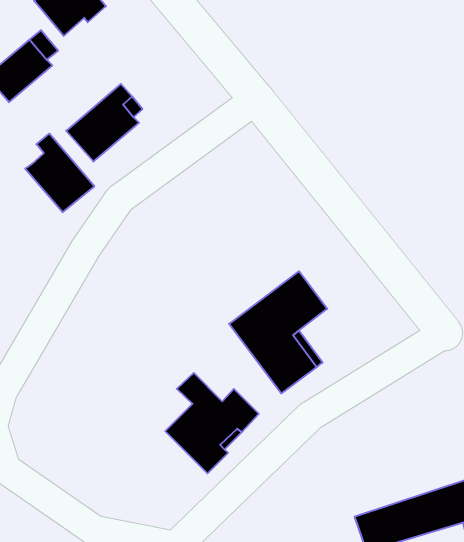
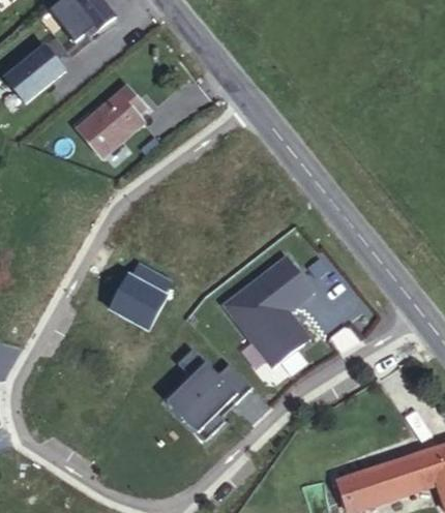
building: [25,134,94,212] -> none
building: none -> [109,261,171,328]

